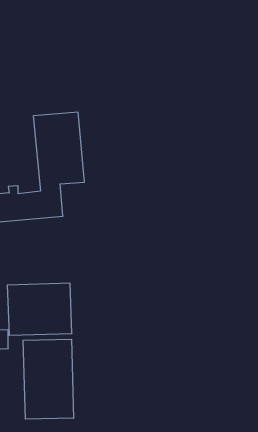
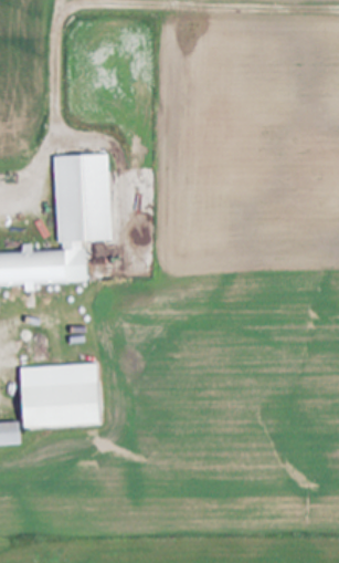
building: [23,339,74,419] -> none

